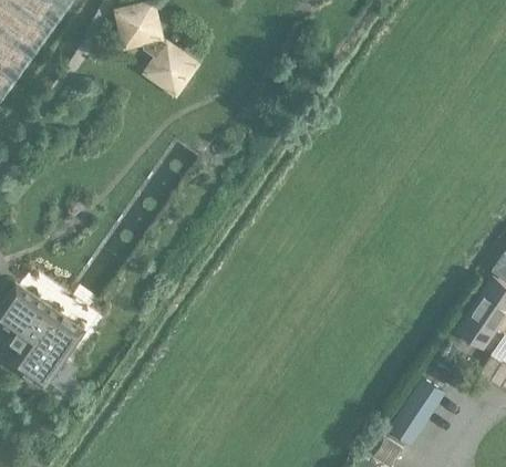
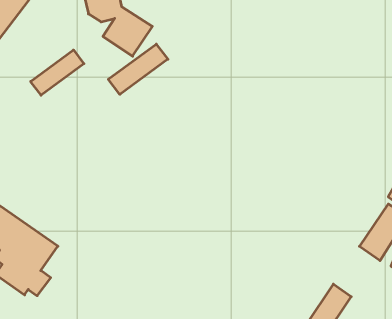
building: none -> [108,44,168,94]
building: none -> [31,50,84,95]

